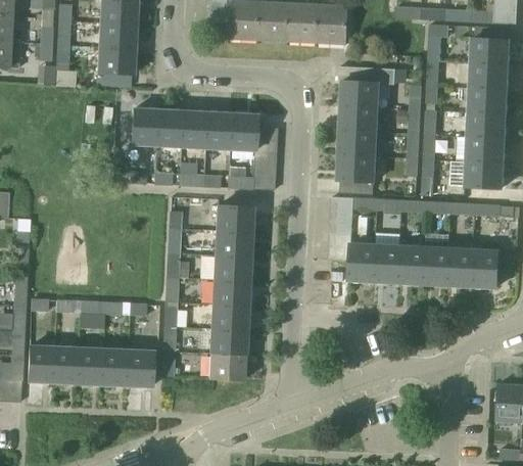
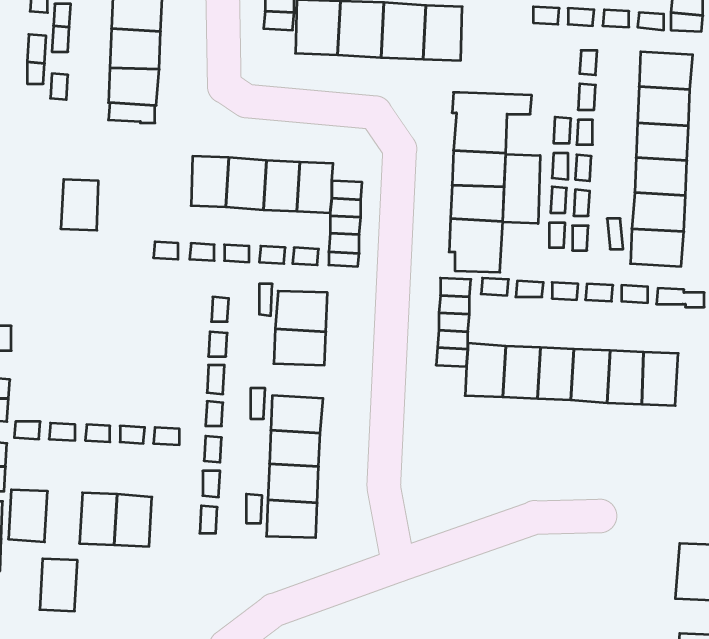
building: none -> [503,154,540,224]
building: [130,110,156,146] -> [61,179,98,230]
building: [212,258,249,282] -> none
building: [52,347,79,384] -> [40,559,77,611]
building: [126,352,152,387] -> none

